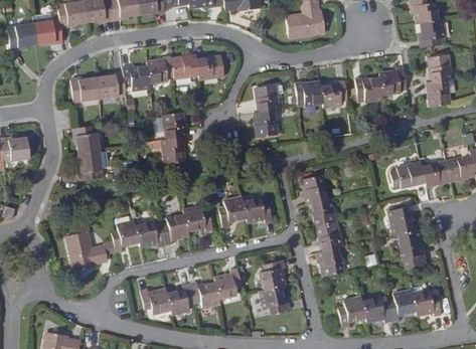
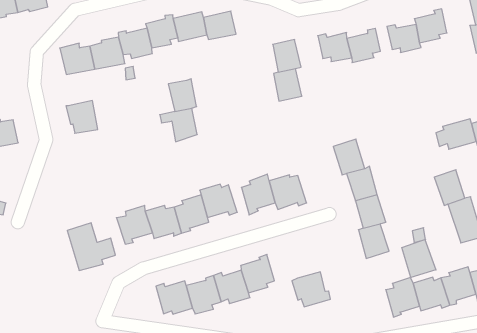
building: [78,148,104,176] -> none
building: [260,258,288,288] -> none
building: none -> [402,239,436,278]

